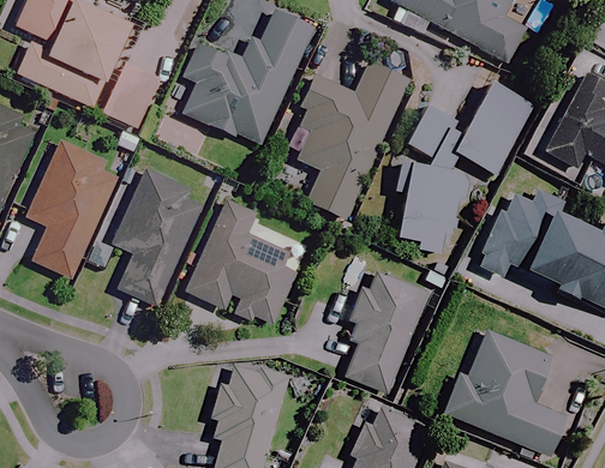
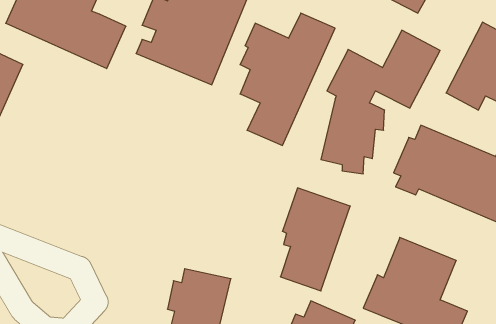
building: [25,139,118,277] -> none
building: [109,168,202,305] -> none
building: [186,198,295,324] -> none

